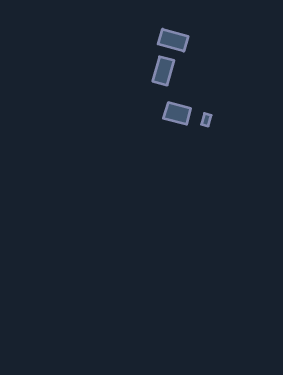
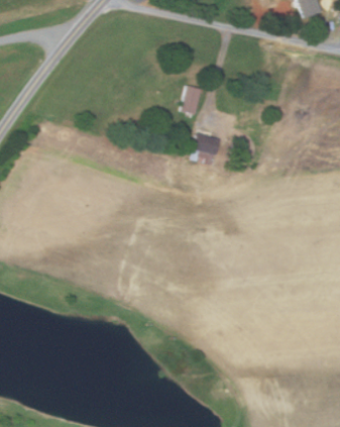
building: [158,29,188,51] -> none

